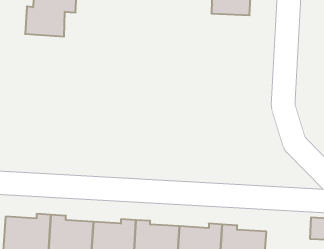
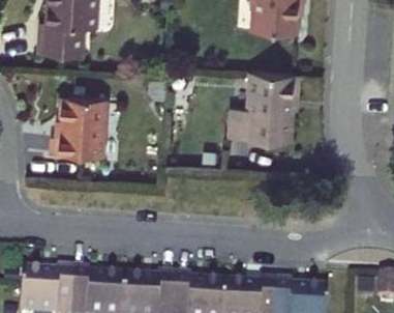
building: none -> [231,76,300,145]
building: none -> [49,102,102,162]

